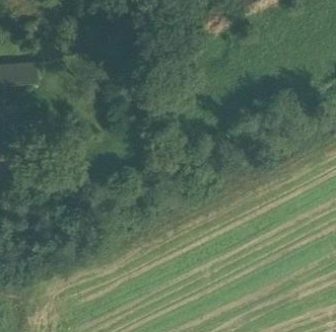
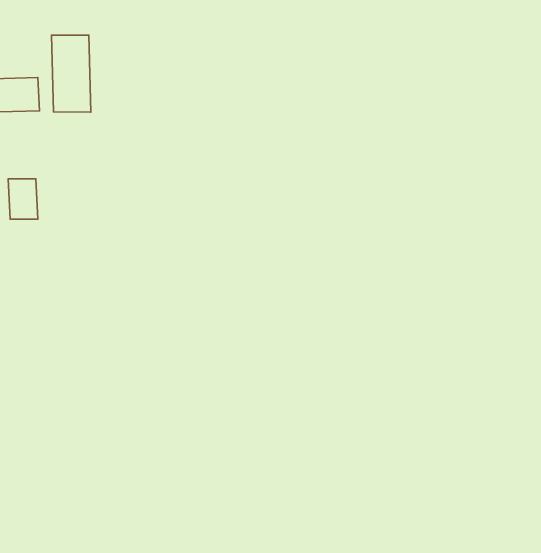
building: none -> [51,35,91,112]

